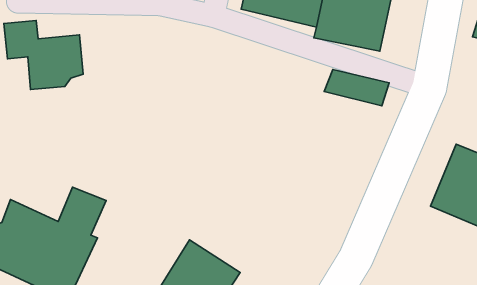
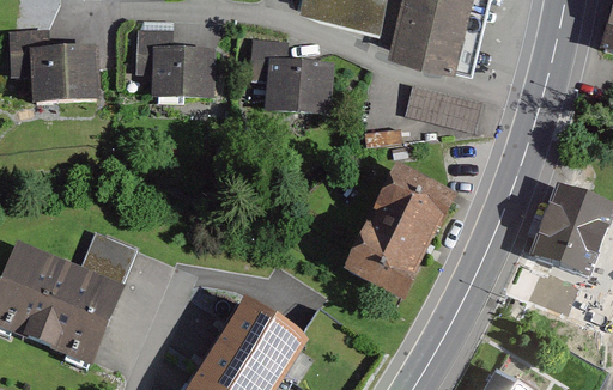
building: none -> [127,25,210,106]
building: none -> [247,37,332,118]
building: none -> [340,162,454,297]

